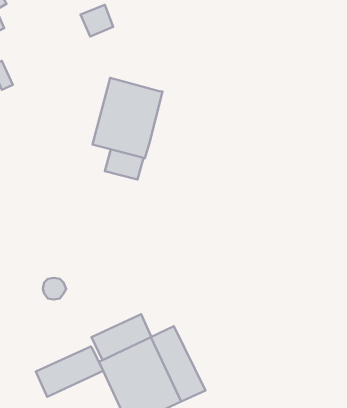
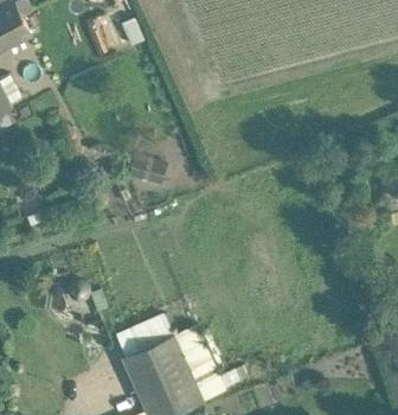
building: [93,78,163,158] -> none
building: [36,347,103,397] -> none

